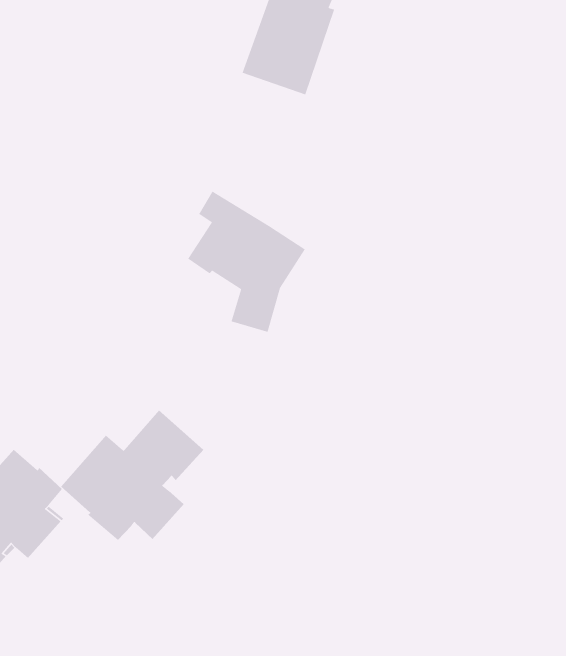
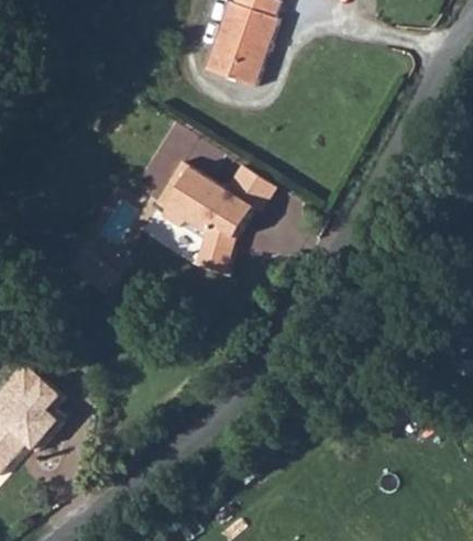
building: none -> [226,165,276,211]
building: [60,410,204,541] -> none

